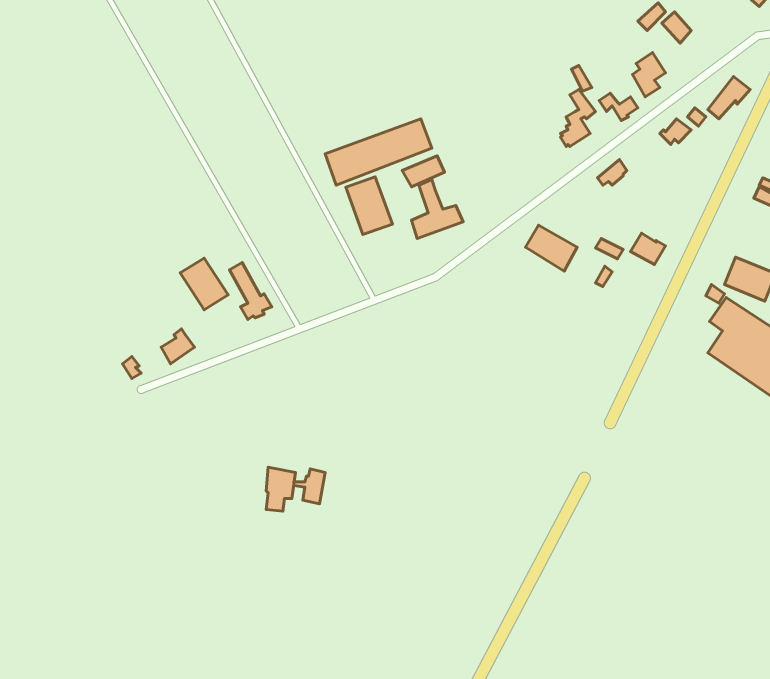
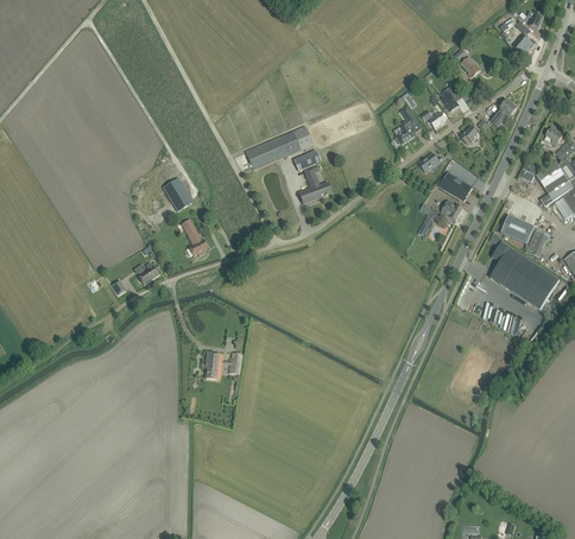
building: [346,177,392,235] -> none
building: [526,225,577,271] -> [440,171,473,201]
building: [180,258,228,310] -> [163,177,194,210]

